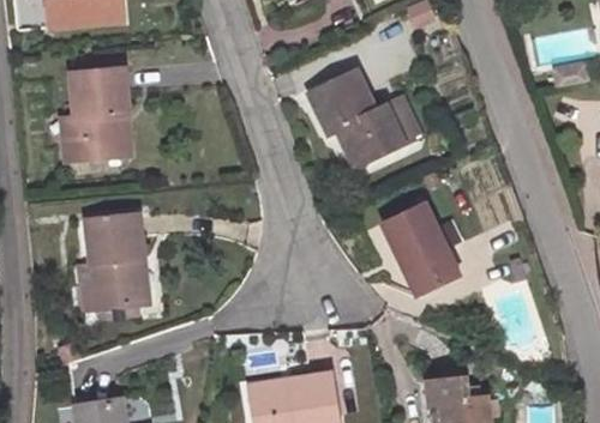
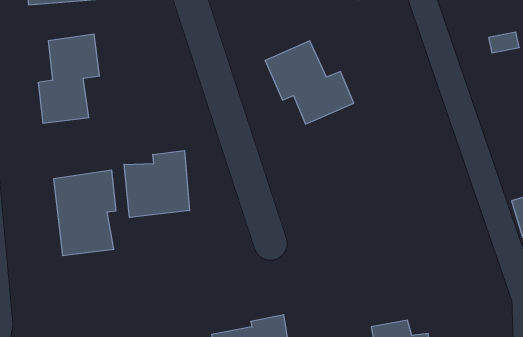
building: none -> [124,151,190,218]
building: [385,204,457,292] -> none

